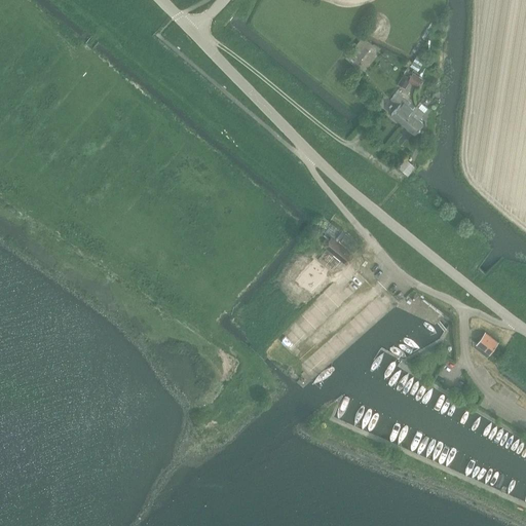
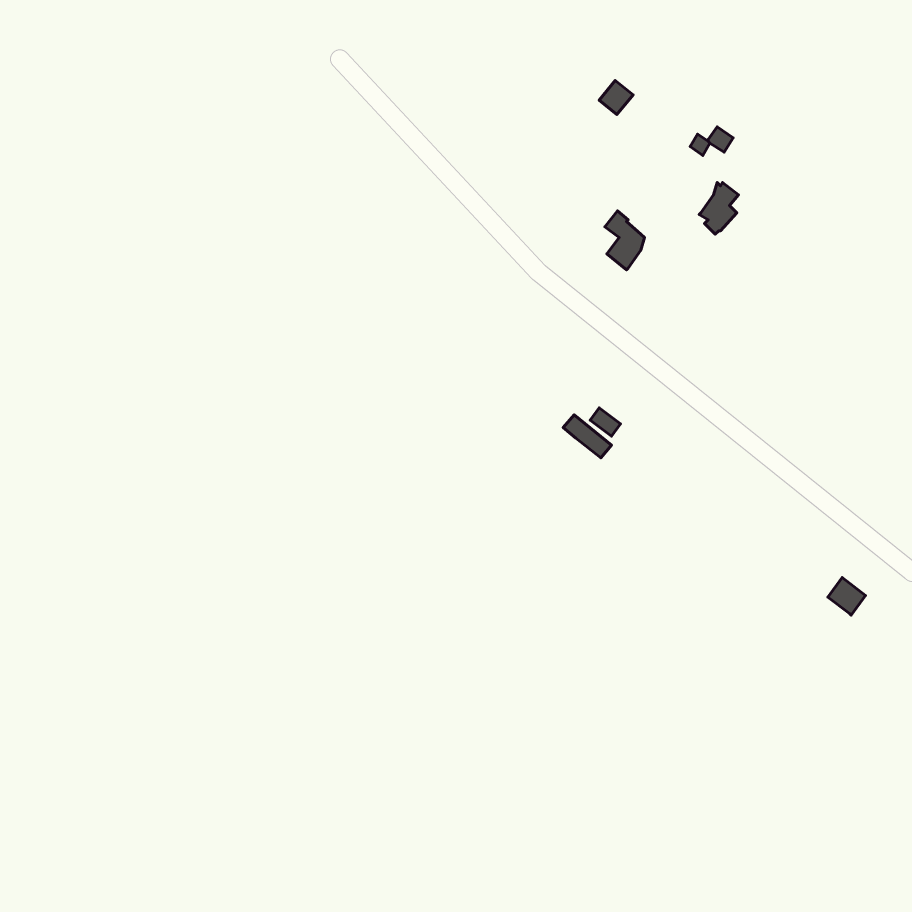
building: [389,90,412,124] -> [605,211,644,270]

